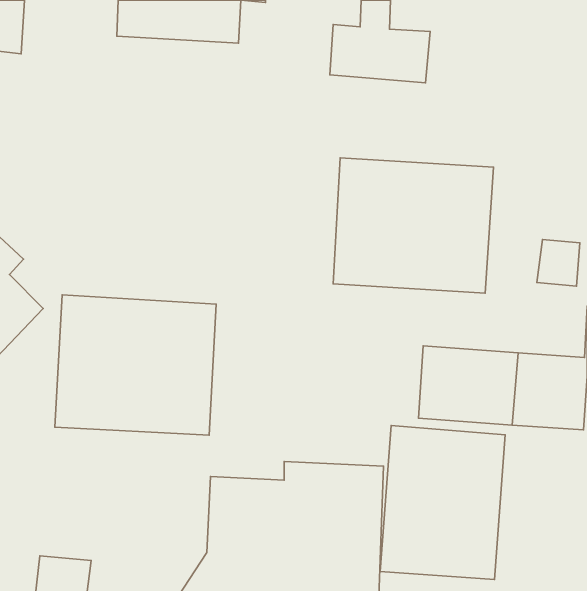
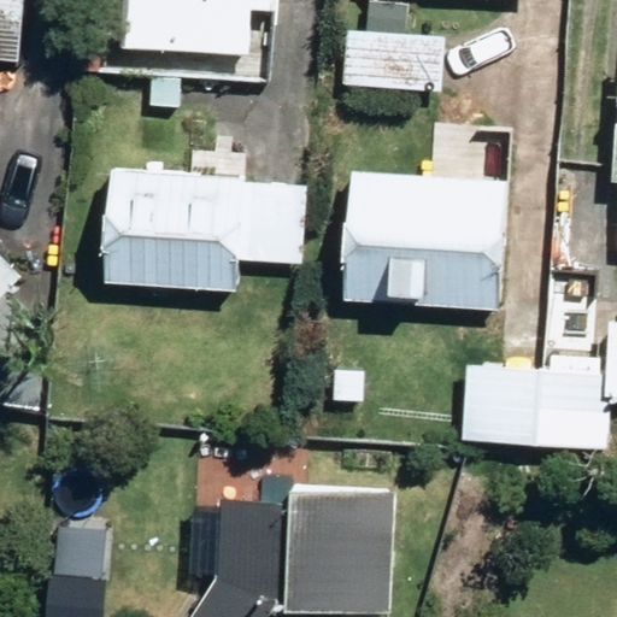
building: none -> [100,169,300,288]
building: [55,295,216,435] -> none
building: [380,426,505,580] -> none

